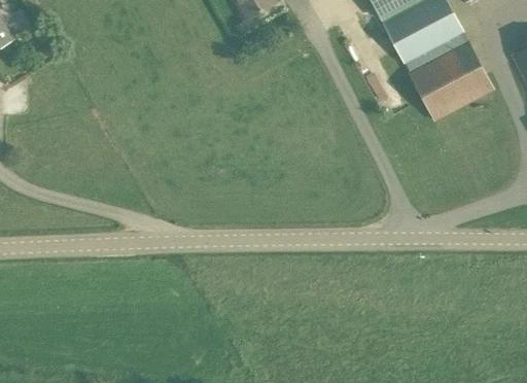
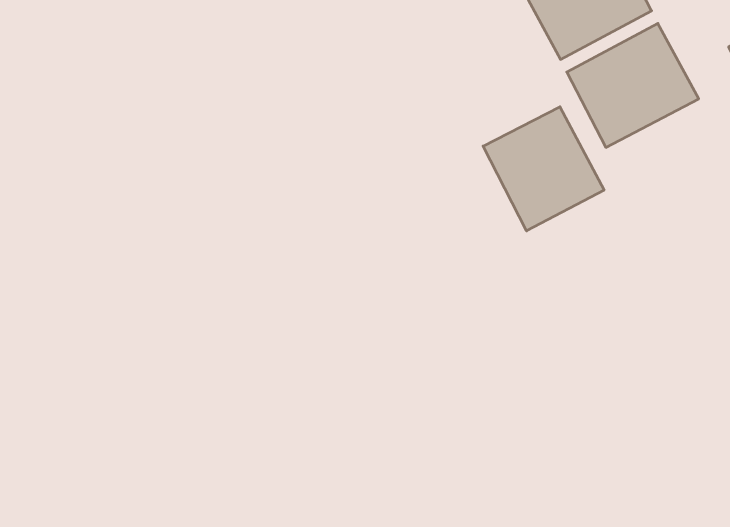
building: none -> [483,107,604,231]

